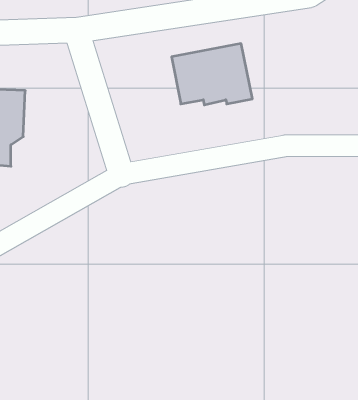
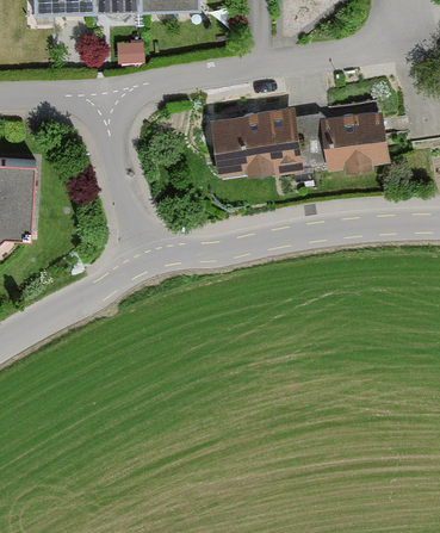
building: none -> [318,111,390,173]

